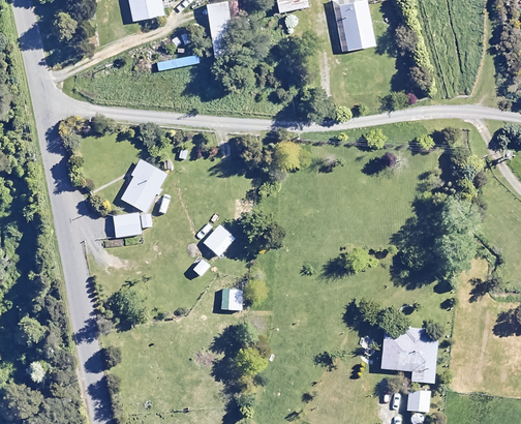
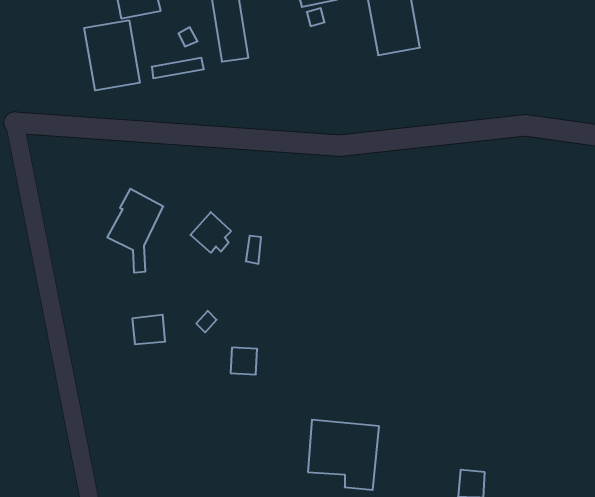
building: none -> [84,20,140,90]
building: [114,213,141,237] -> [132,315,165,344]
building: [203,223,236,256] -> [190,212,231,253]
building: [381,326,439,383] -> [308,420,379,490]

